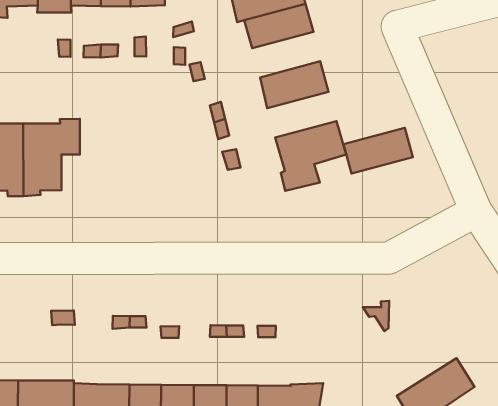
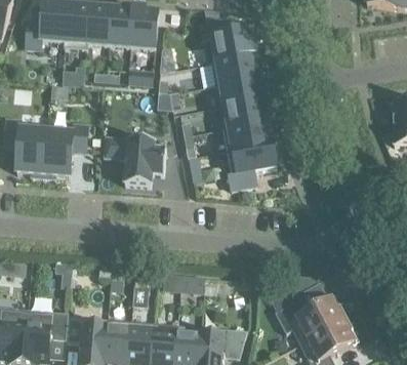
building: none -> [215,76,263,106]
building: [343,128,413,173] -> [222,120,272,150]
building: none -> [105,136,166,186]
building: none -> [275,297,344,342]

